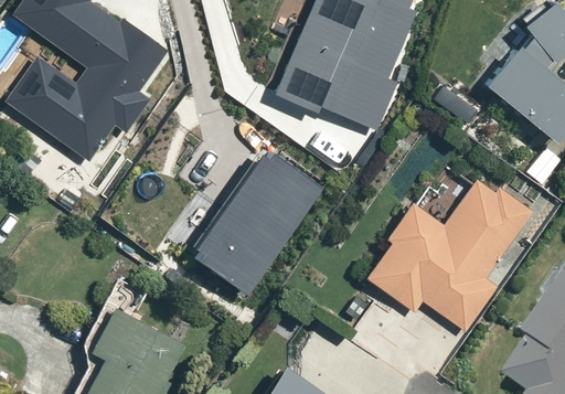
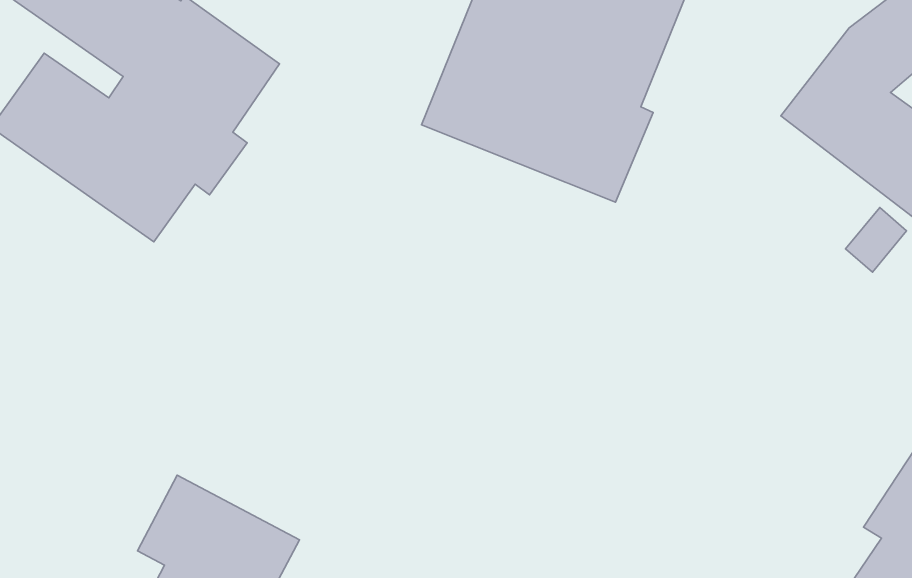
building: [183,143,313,287] -> none
building: [367,177,534,330] -> none

